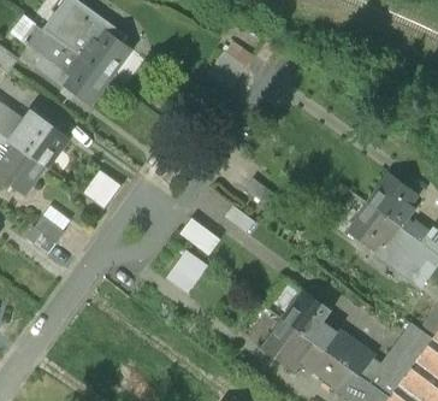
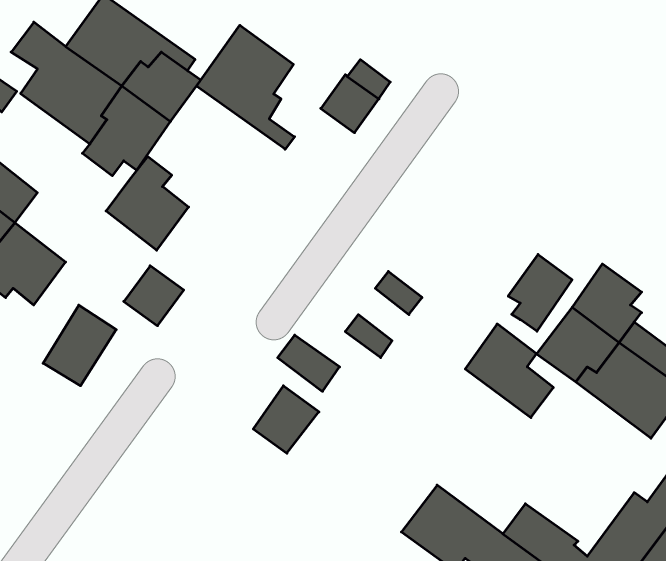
building: none -> [197,25,295,149]
building: [13,113,66,173] -> [106,157,189,250]
building: none -> [508,254,572,331]
building: [284,288,341,348] -> [465,324,553,418]

